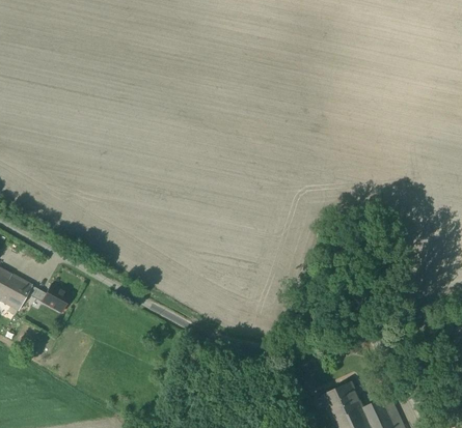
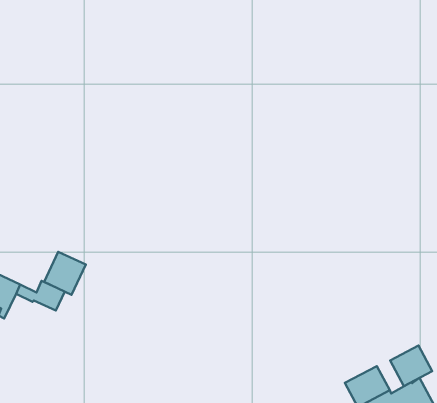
building: none -> [44,252,86,295]
building: none -> [390,346,432,386]

